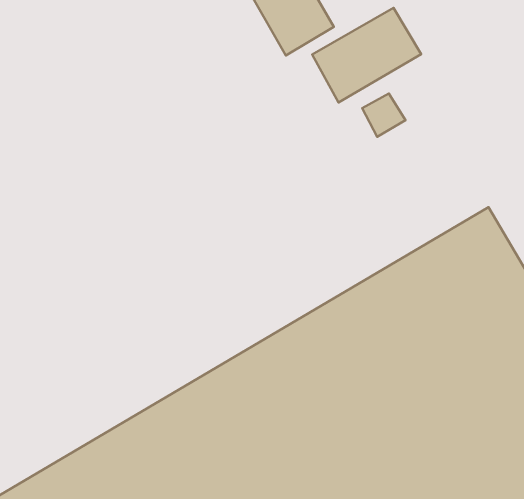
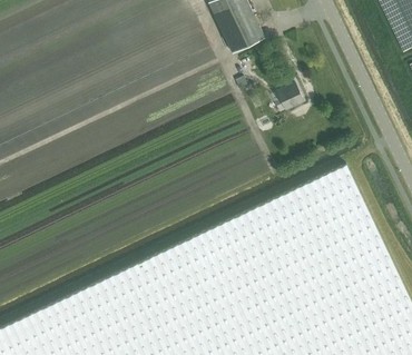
building: [312,8,421,102] -> none

